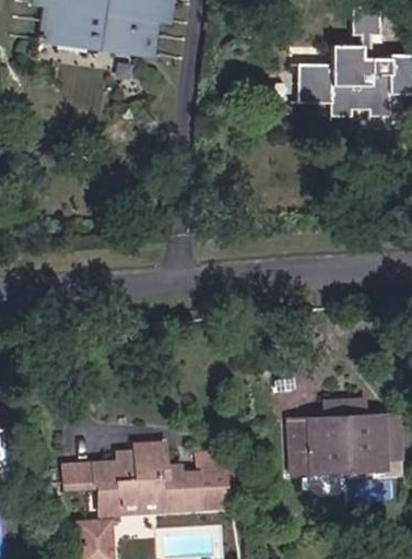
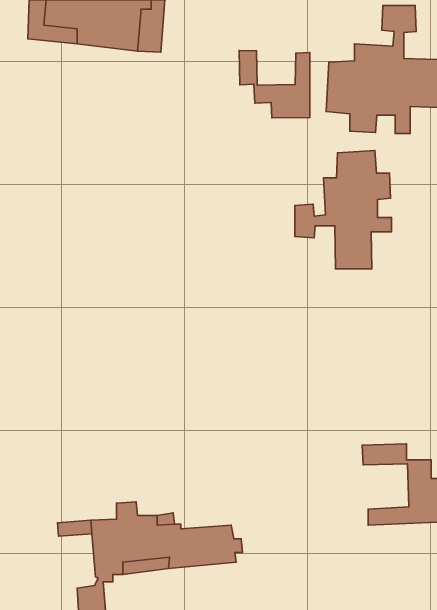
building: none -> [239,51,310,118]
building: none -> [295,151,392,269]
building: [302,416,376,473] -> none

